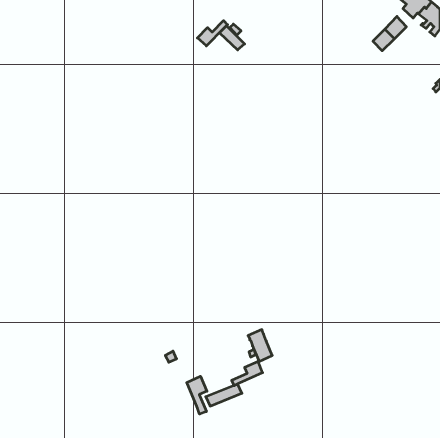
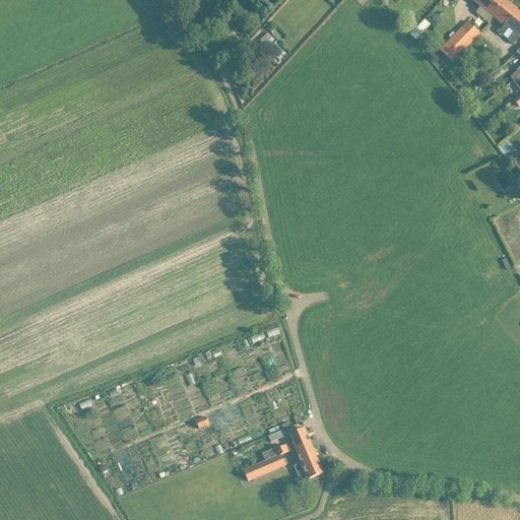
building: [197,21,228,46] -> none
building: [248,330,272,361] -> [295,441,323,478]
building: [187,376,207,414] -> none

